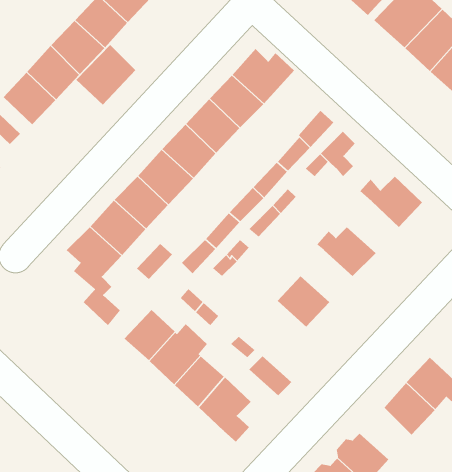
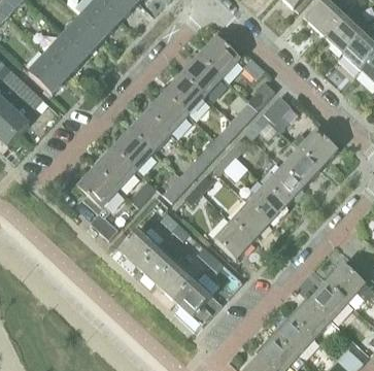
building: [75,44,136,106] -> none
building: none -> [282,148,320,187]
building: none -> [248,184,286,223]
building: none -> [214,222,252,259]
building: none -> [291,300,330,338]

